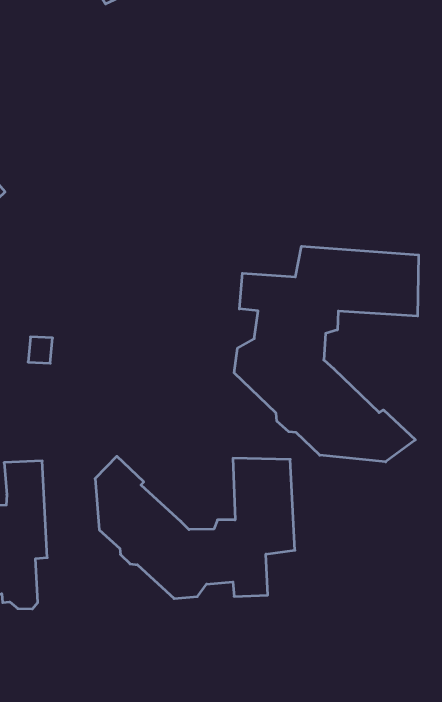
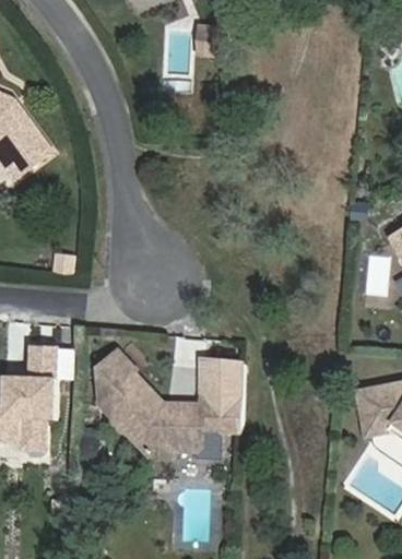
building: [234,246,419,462] -> none

